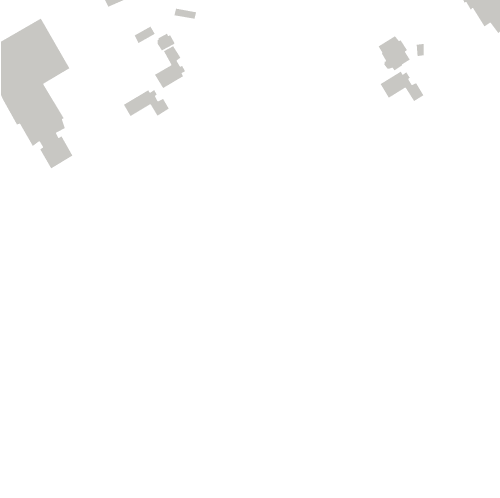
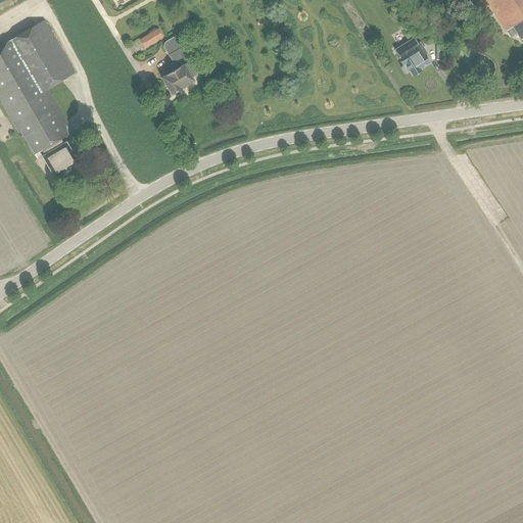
building: [379,71,424,102] -> none
building: [123,89,170,117] -> none

